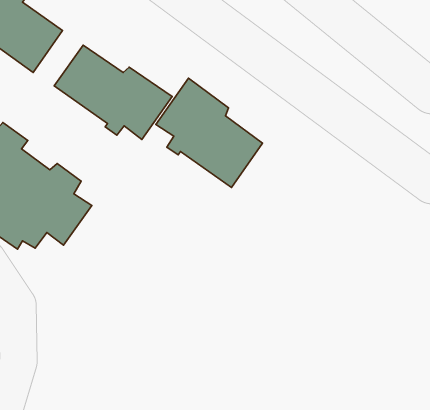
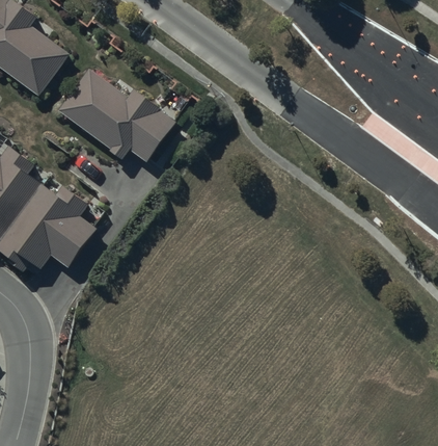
building: [156,78,263,188] -> none

